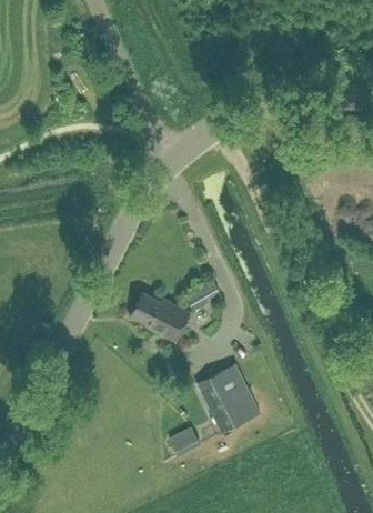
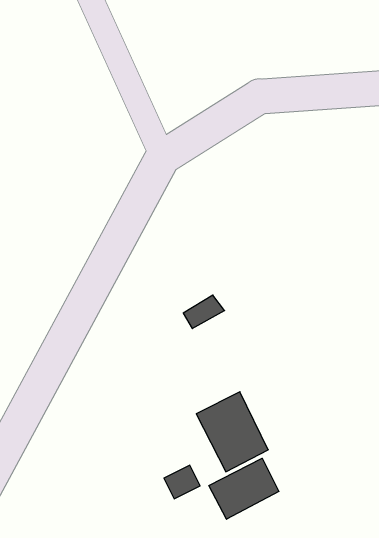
building: [130,292,191,341] -> none
building: none -> [209,458,279,519]

